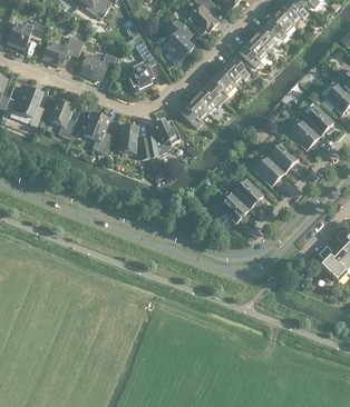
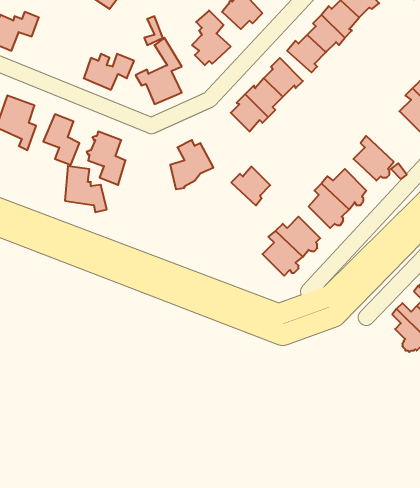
building: [42,36,82,66] -> none
building: [177,98,207,128] -> [231,167,270,205]
building: [298,105,333,136] -> none
building: [118,123,150,159] -> [65,166,107,212]

